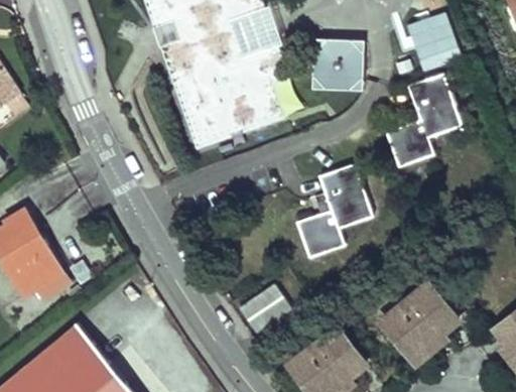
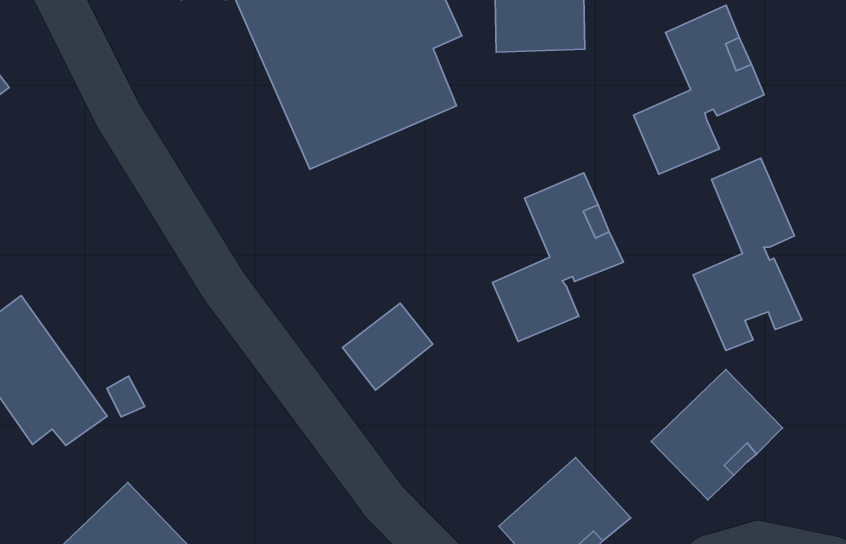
building: none -> [693,158,802,351]
building: [239,284,291,334] -> [343,303,433,390]

